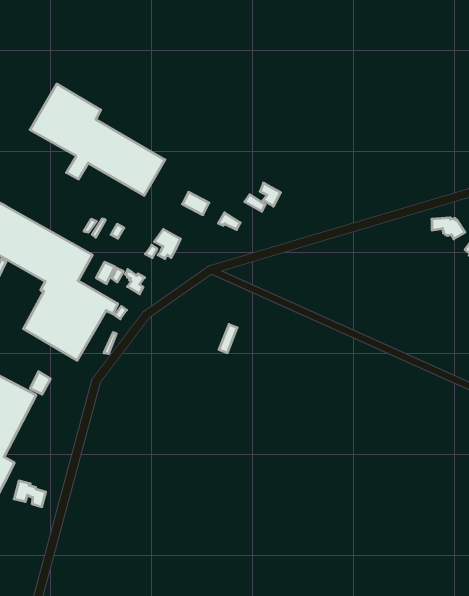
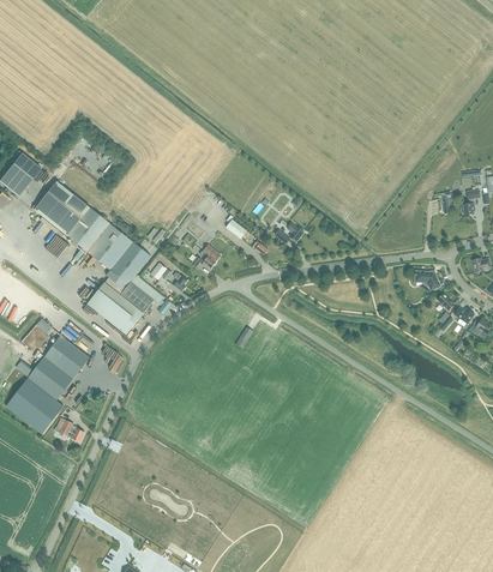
building: [30,84,165,195] -> none

